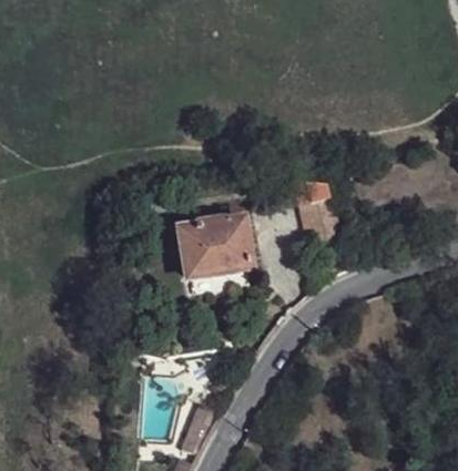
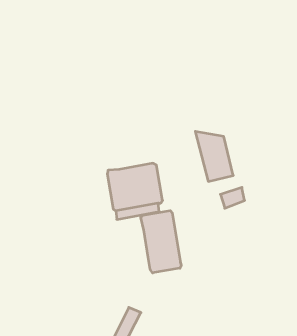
building: none -> [141,211,181,273]

